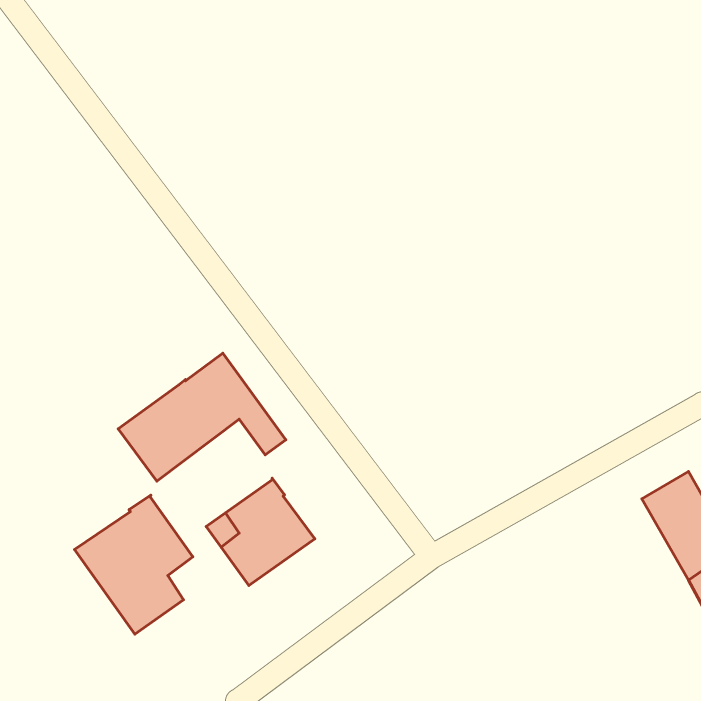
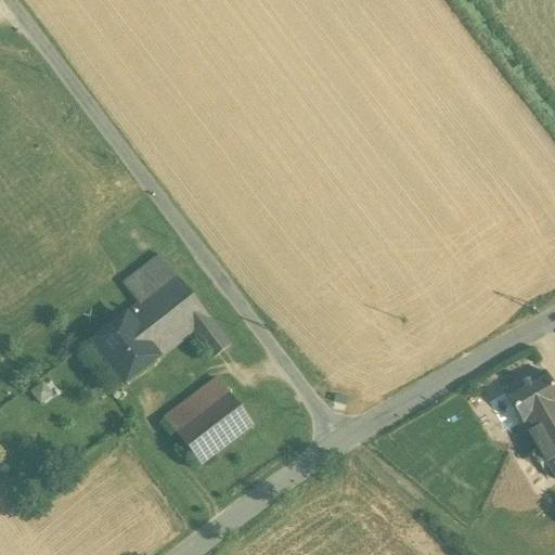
building: none -> [126,257,177,304]
building: [74,495,193,634] -> none

